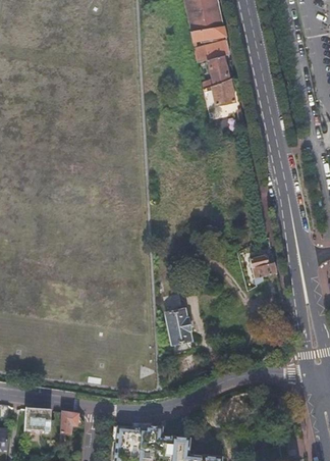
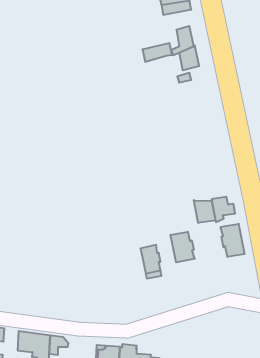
building: [196,39,230,60] -> [142,43,172,62]
building: none -> [194,200,216,223]
building: none -> [221,224,244,257]
building: none -> [171,232,195,262]

